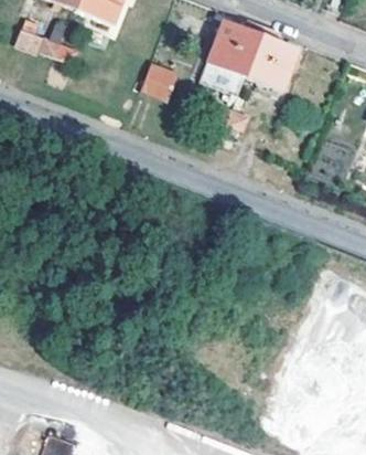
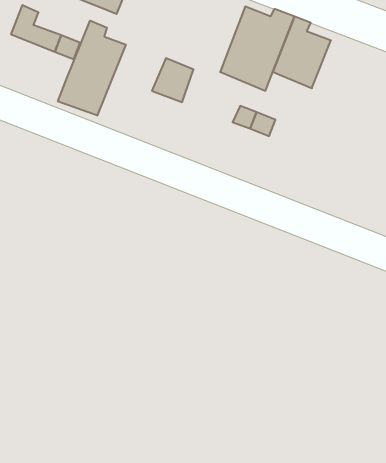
building: none -> [58,21,126,116]

